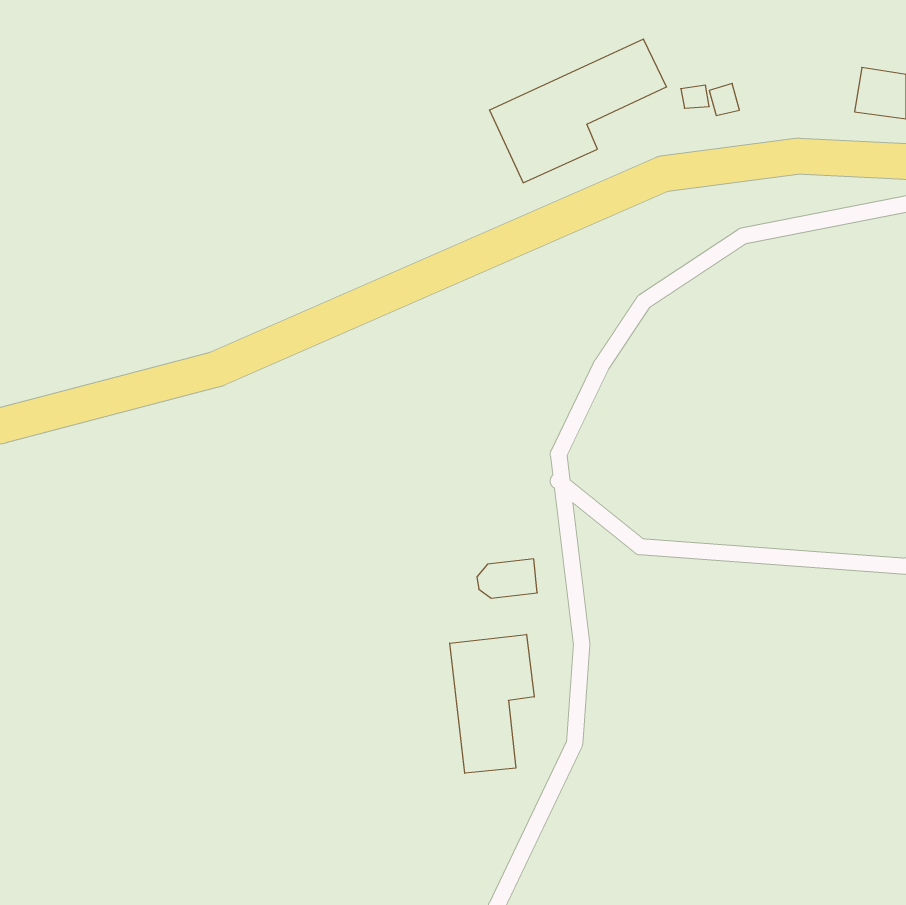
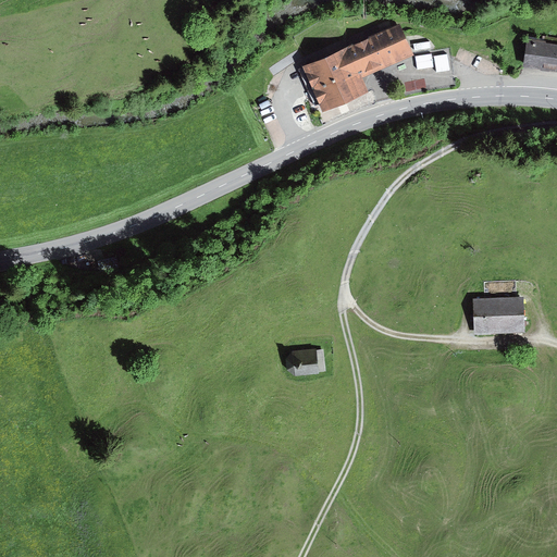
building: none -> [474,296,523,332]
building: [450,634,534,773] -> none

